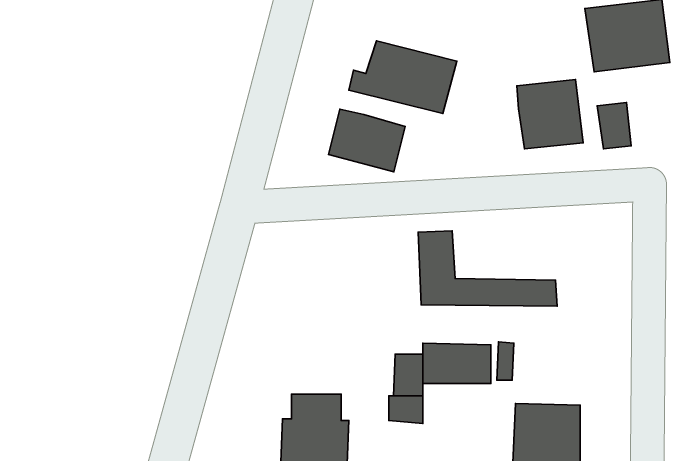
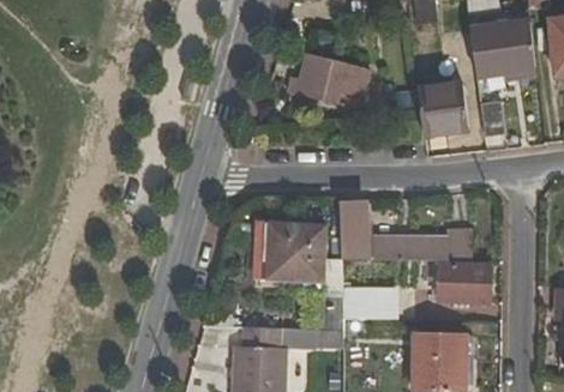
building: [329,109,405,172] -> none
building: none -> [266,223,326,281]
building: none -> [439,261,490,301]

